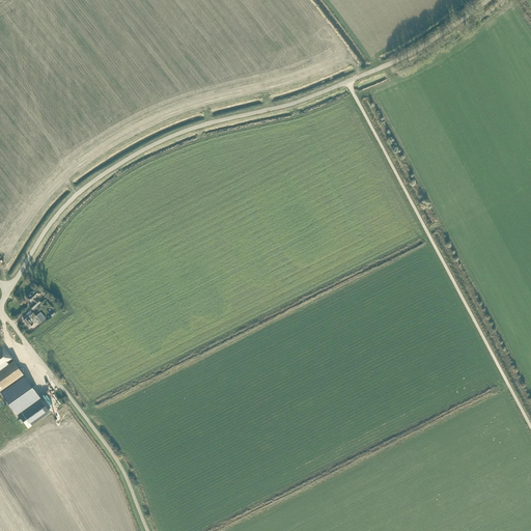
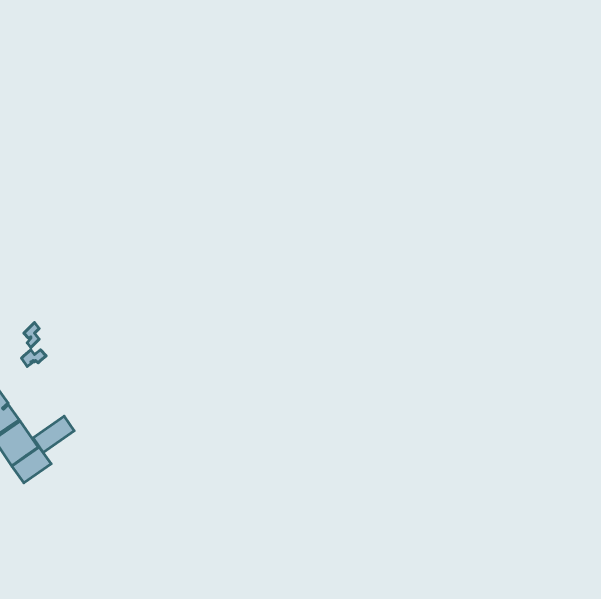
building: none -> [33,416,74,453]

